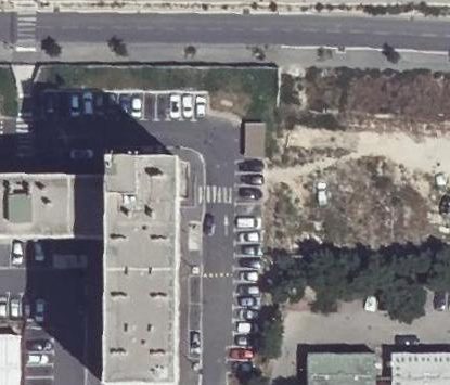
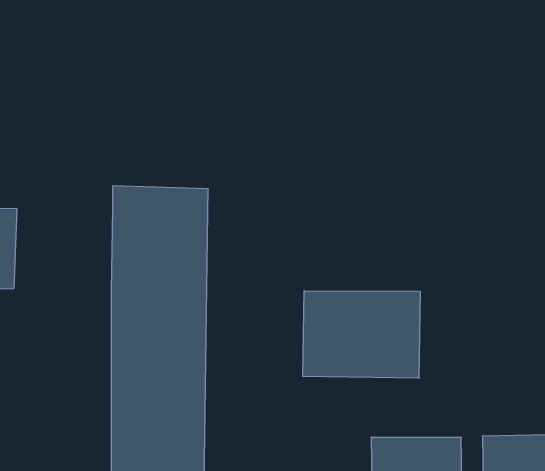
building: [31,178,106,240] -> none
building: none -> [303,291,420,378]

